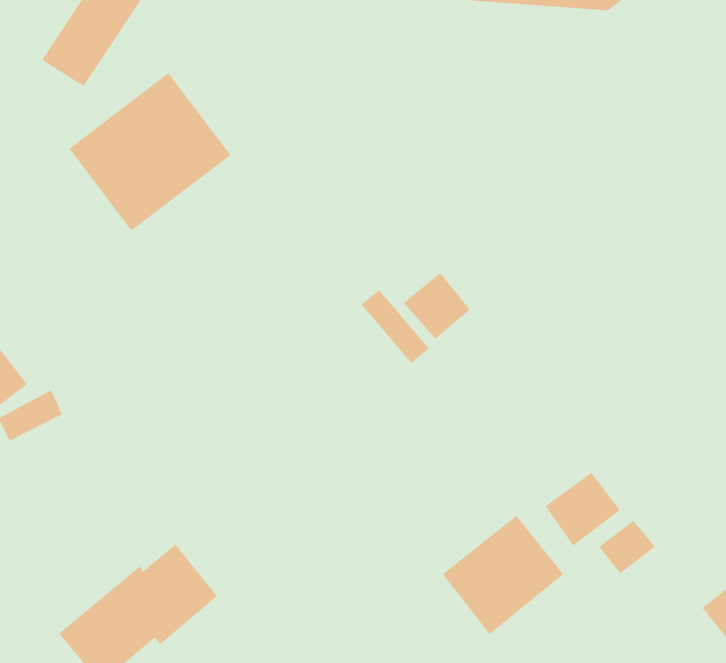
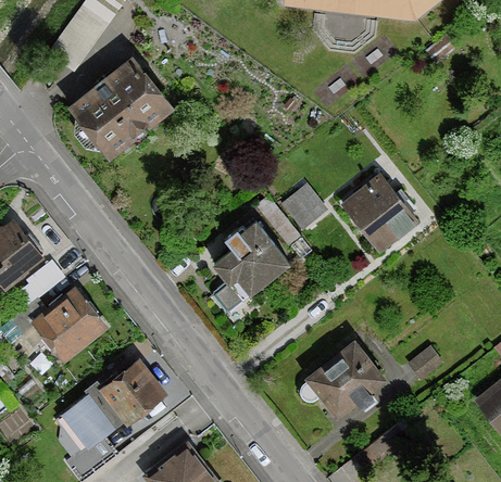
building: none -> [341,176,415,252]
building: none -> [213,223,289,310]
building: none -> [30,288,107,362]
building: [545,472,621,546] -> none

